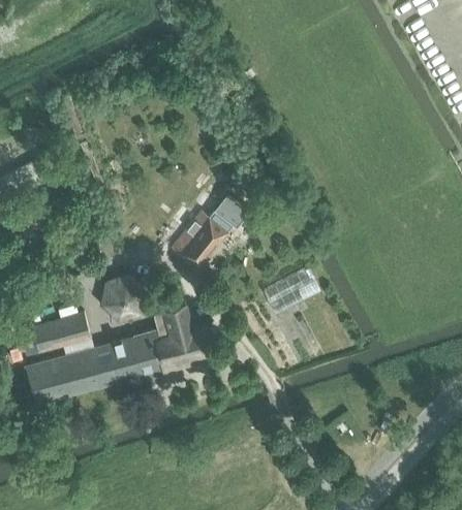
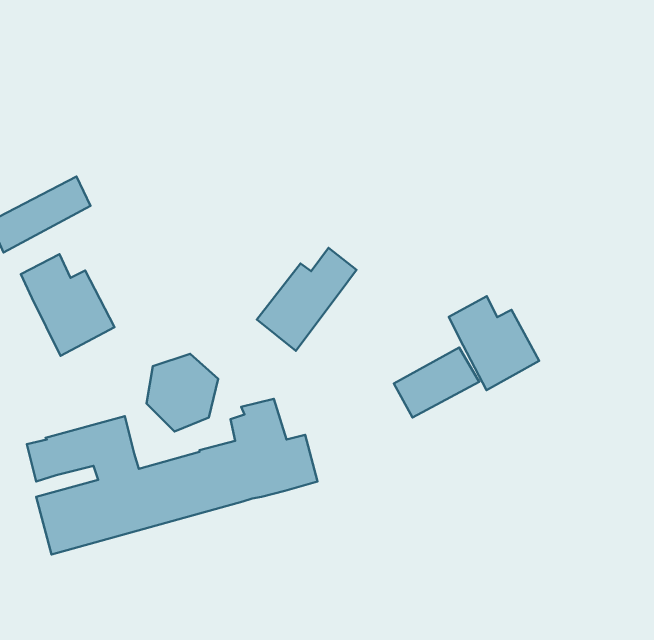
building: none -> [21,254,114,356]
building: none -> [449,296,539,390]

